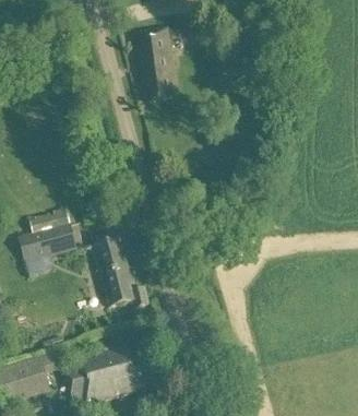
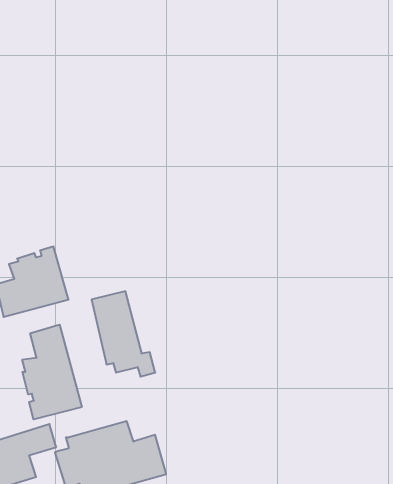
building: [134,28,180,103] -> none
building: none -> [22,325,82,419]

